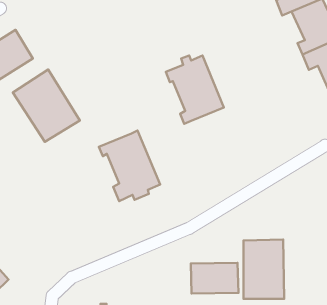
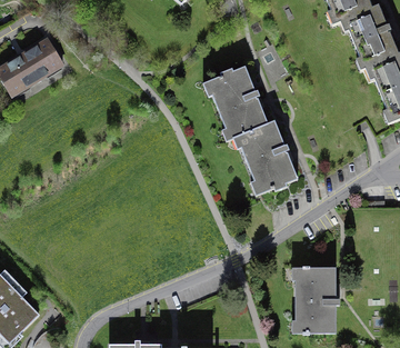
building: [13,70,80,142] -> none
building: [99,130,160,201] -> [234,122,301,199]
building: [191,263,238,294] -> none

